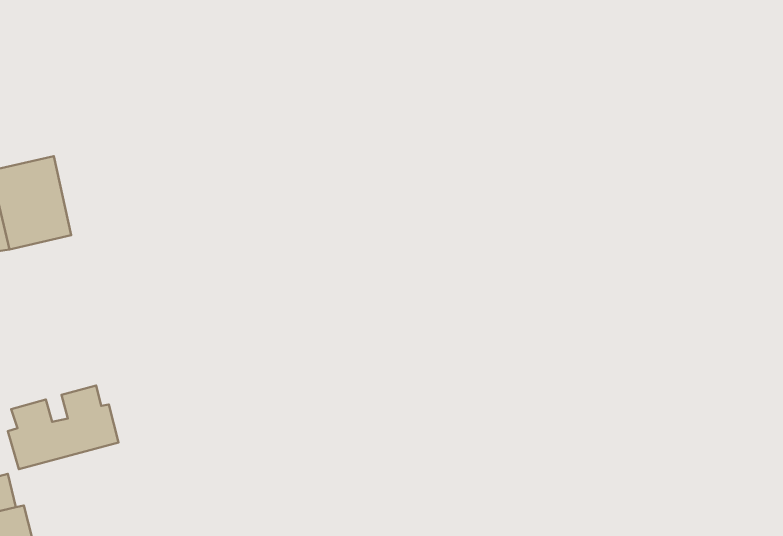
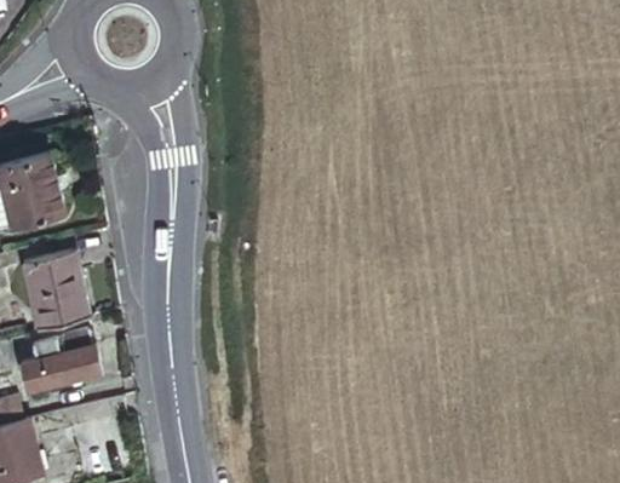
building: none -> [22,253,92,335]

